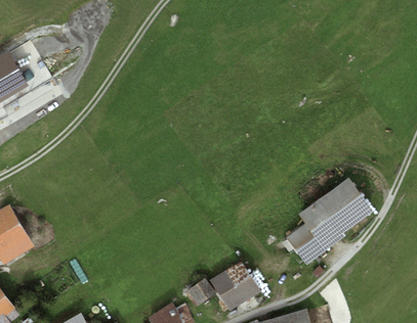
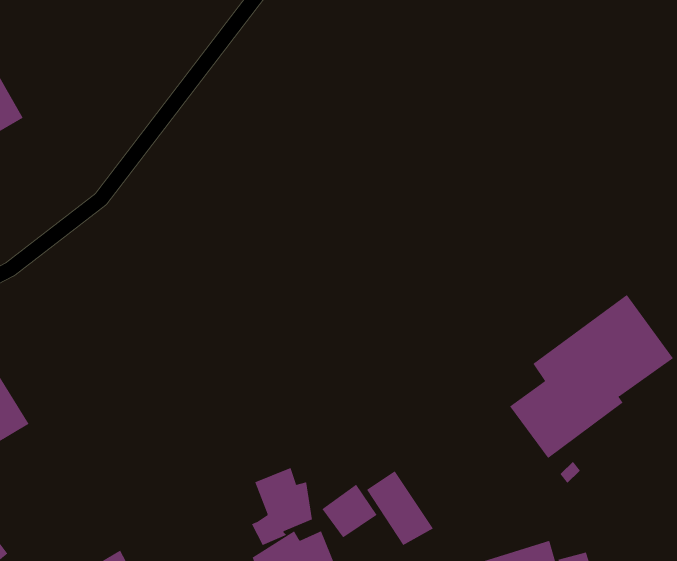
building: [224,262,260,302] -> none
building: none -> [251,467,312,546]

